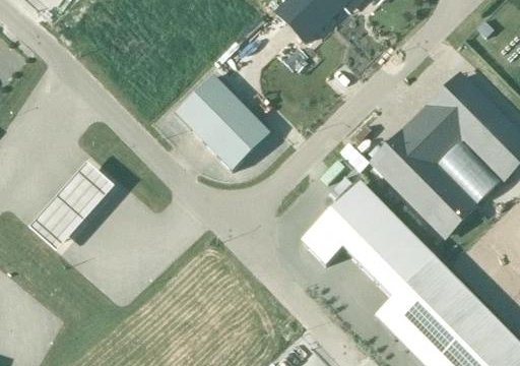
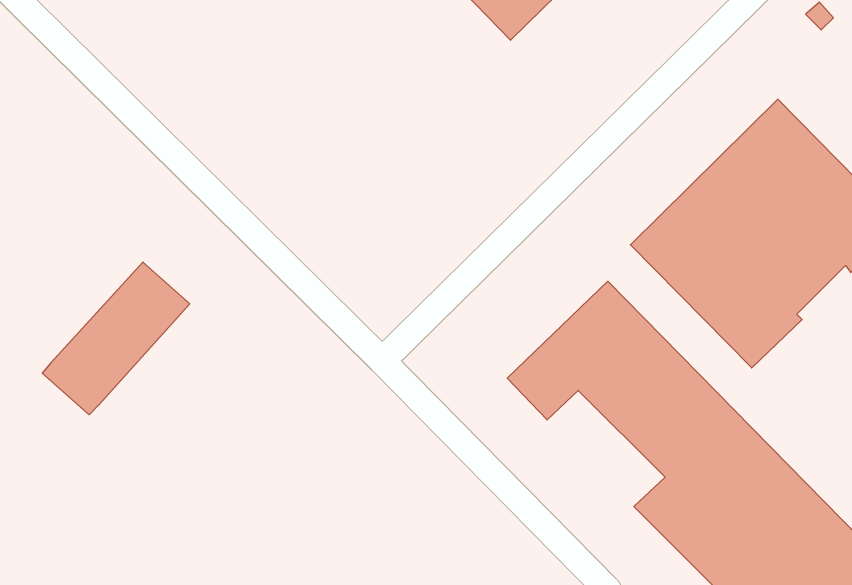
building: [176,73,270,168] -> none

